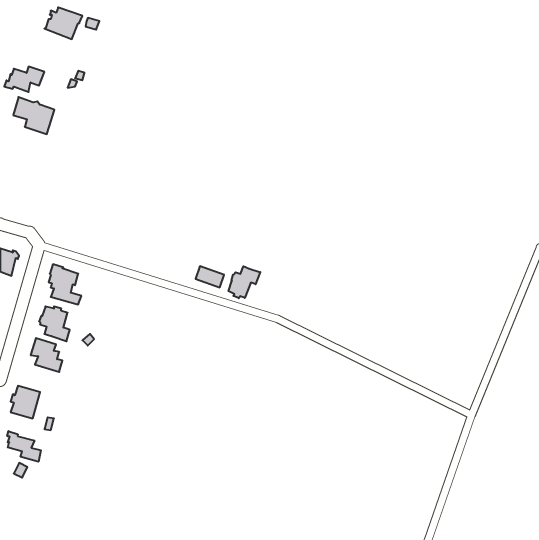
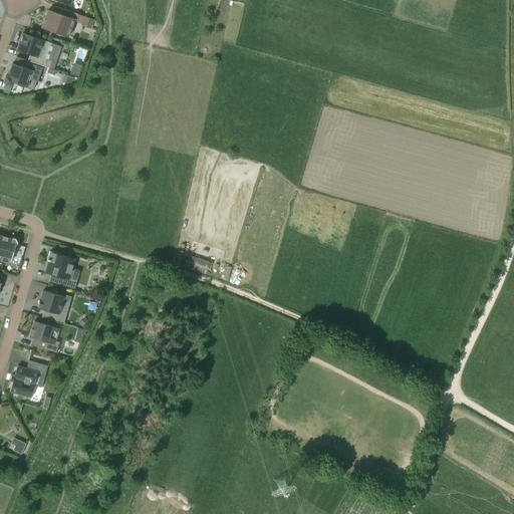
building: [13,97,54,134] -> [18,33,57,68]
building: [228,266,260,298] -> none
building: [7,431,41,462] -> none

